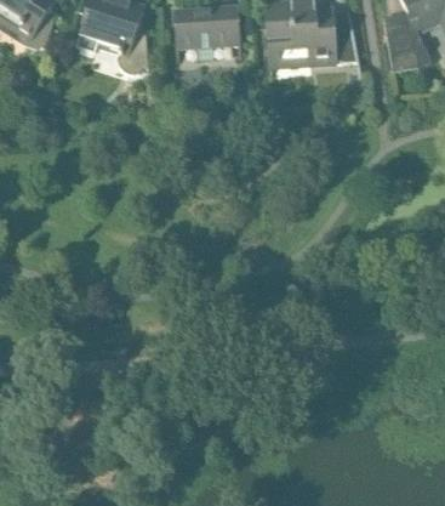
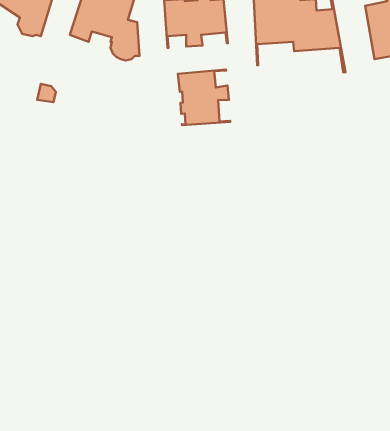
building: none -> [178,70,230,125]

